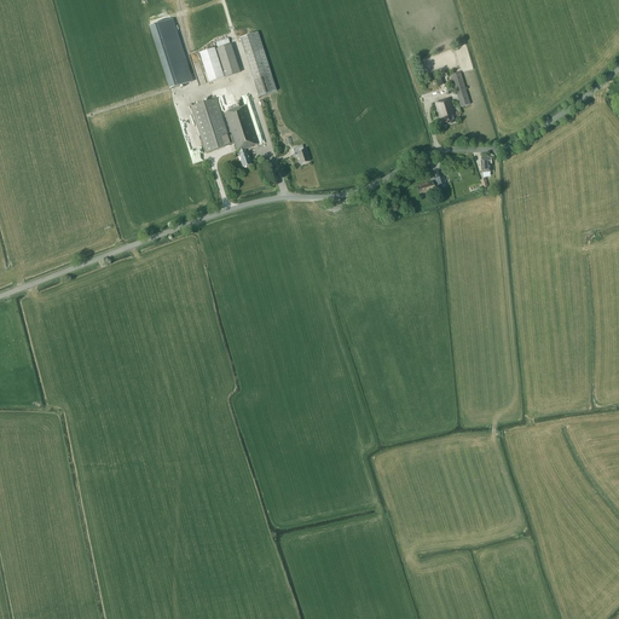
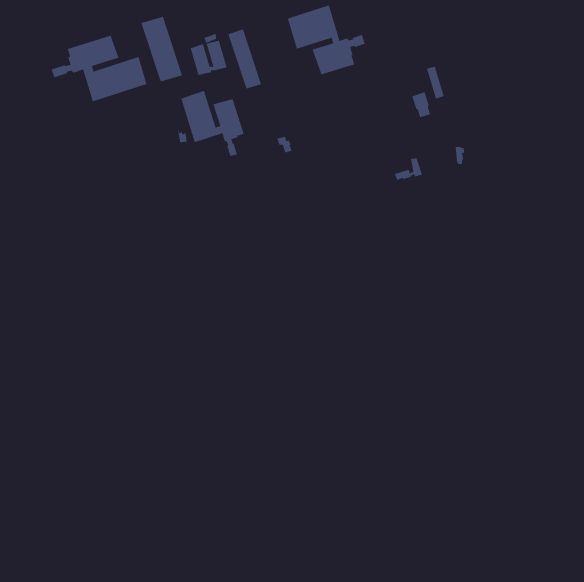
building: none -> [287,5,366,75]
building: none -> [51,35,147,102]

